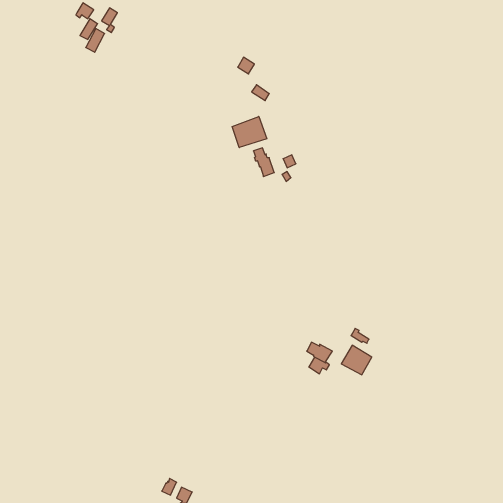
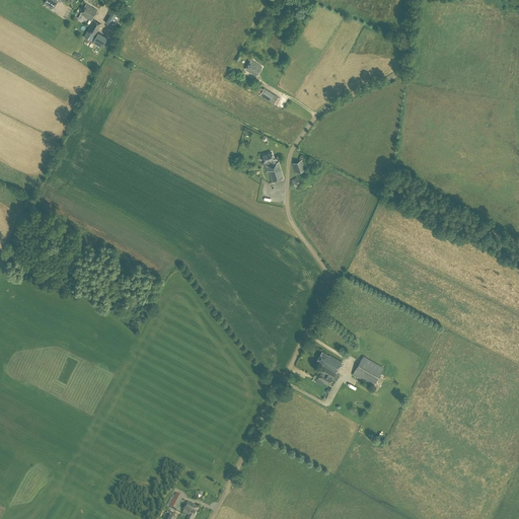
building: [232,116,267,148] -> none

